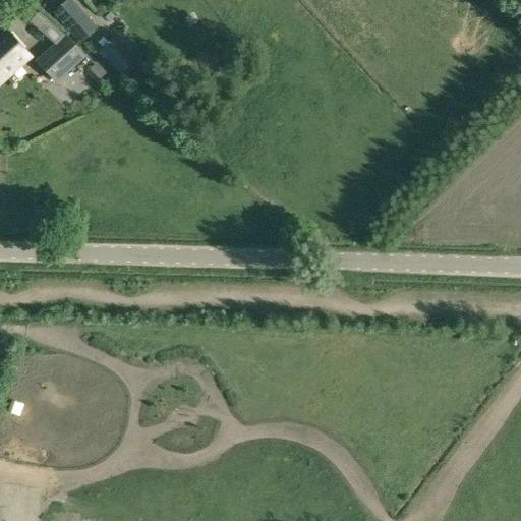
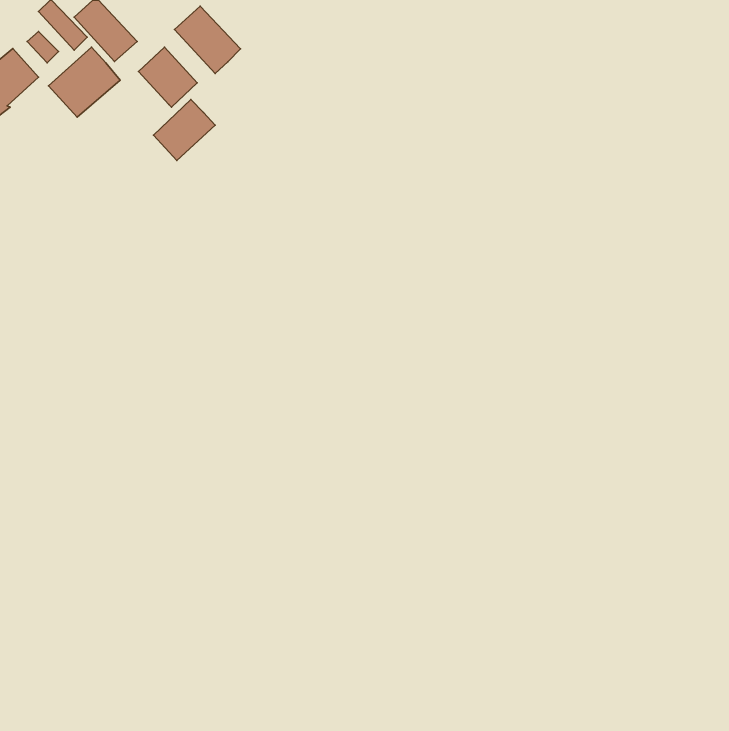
building: none -> [174,6,241,74]
building: none -> [154,100,215,161]

